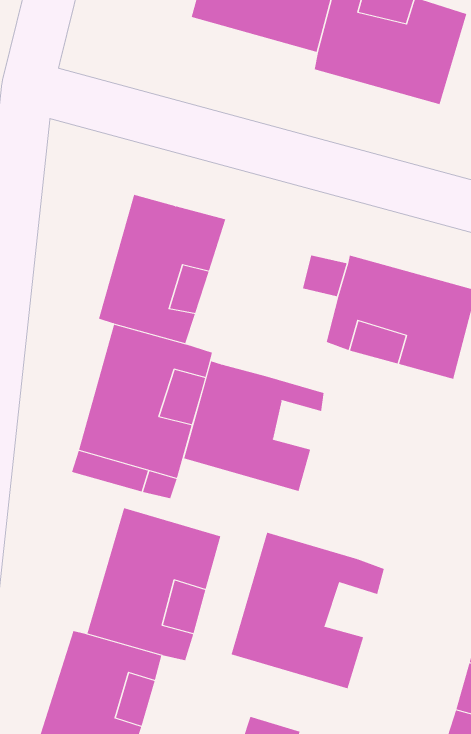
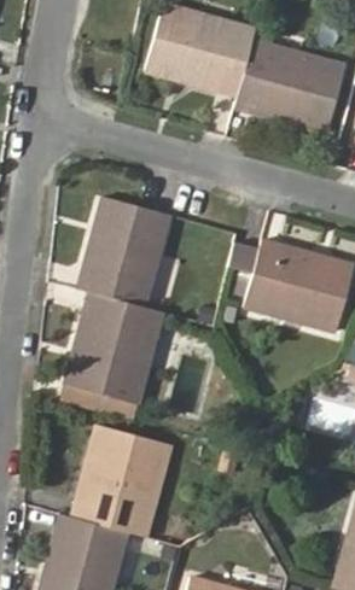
building: [183,360,324,492] -> none
building: [231,532,384,689] -> none

